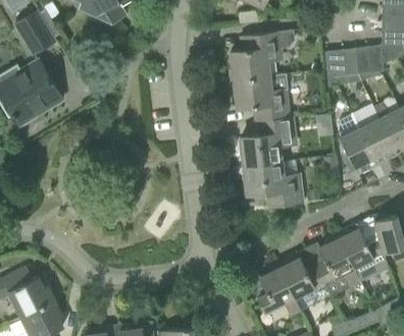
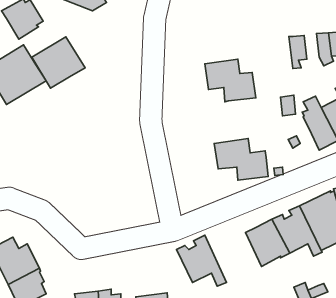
building: [231,33,282,81] -> none
building: [335,49,362,86] -> none
building: none -> [32,37,85,88]
building: [238,117,295,167] -> none
building: [247,263,301,318] -> [176,235,227,286]

